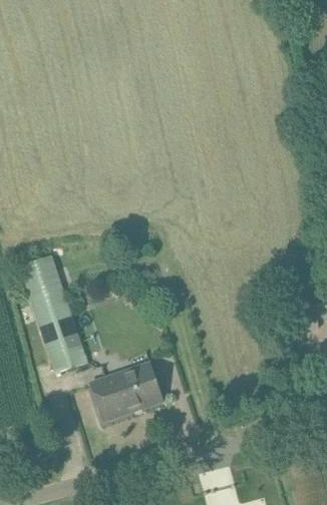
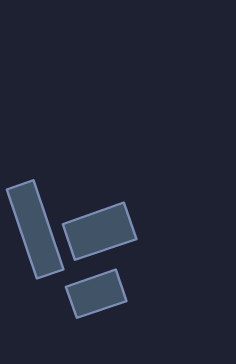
building: none -> [63,203,136,260]

